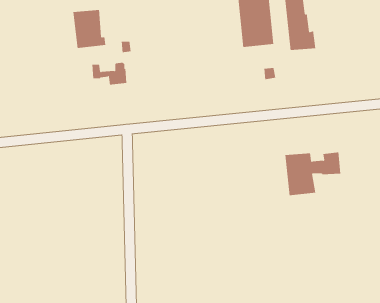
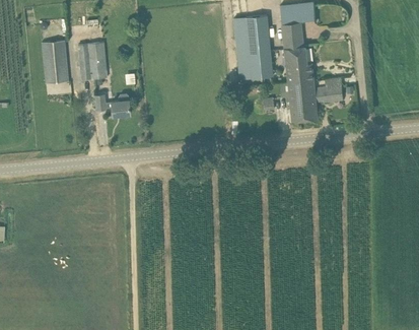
building: none -> [42,41,69,83]
building: [285,152,341,196] -> [288,79,343,122]

